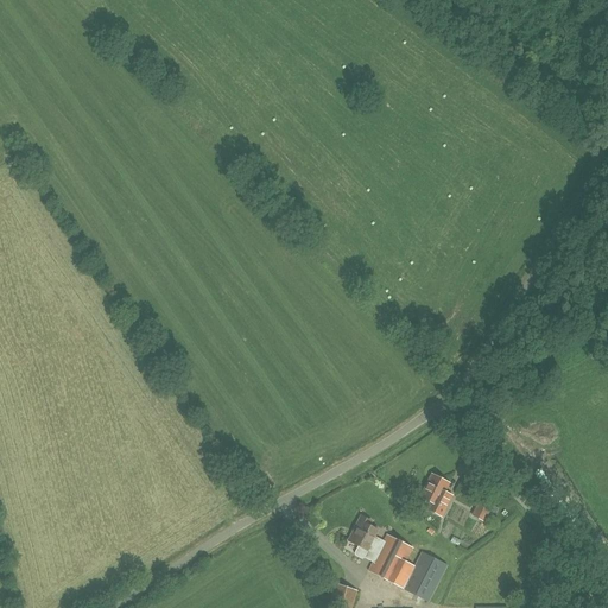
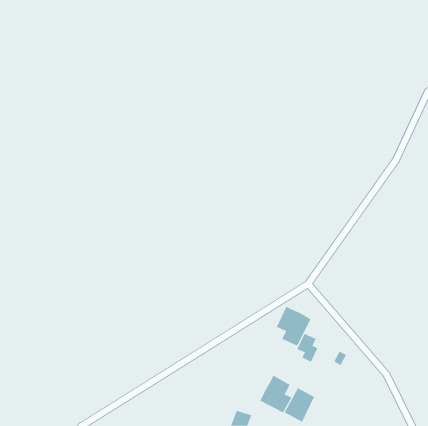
building: none -> [276,306,311,346]
building: [348,514,384,557] -> none

